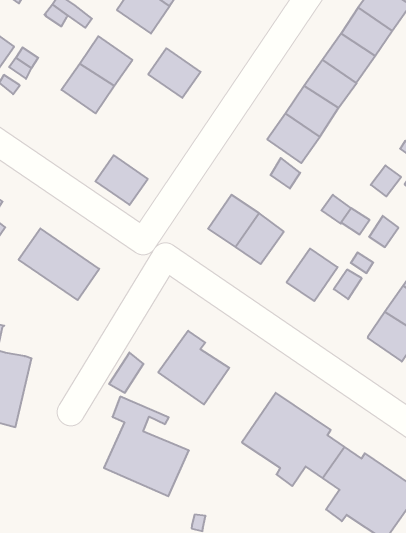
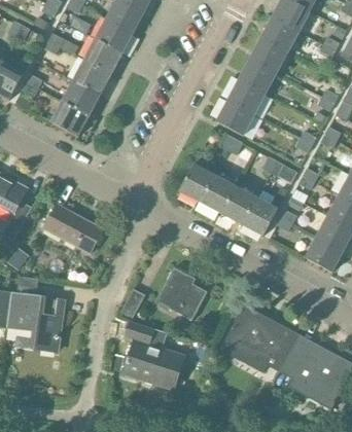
building: [148,48,201,98] -> [84,39,122,74]
building: [95,155,148,205] -> [50,102,89,137]
building: none -> [221,187,256,224]

